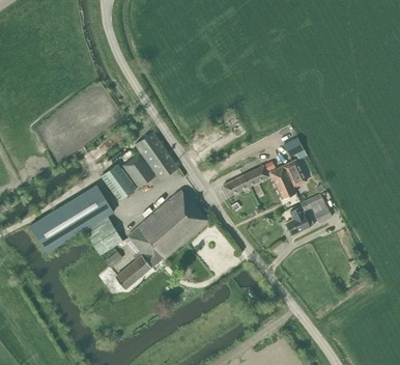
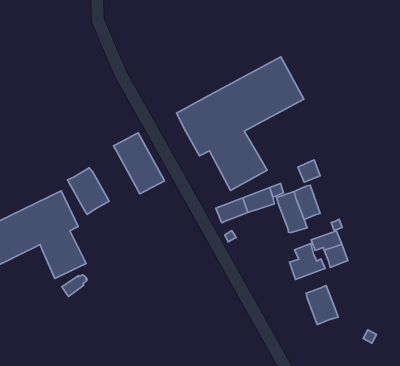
building: none -> [176,57,304,190]
building: [122,153,154,187] -> none
building: [115,189,208,288] -> none
building: none -> [306,285,338,324]

